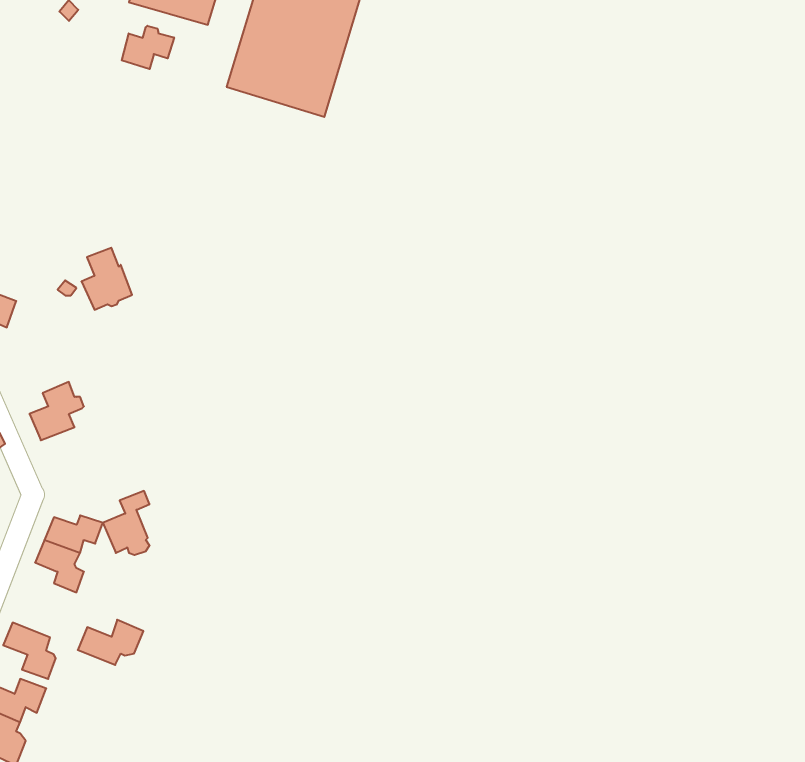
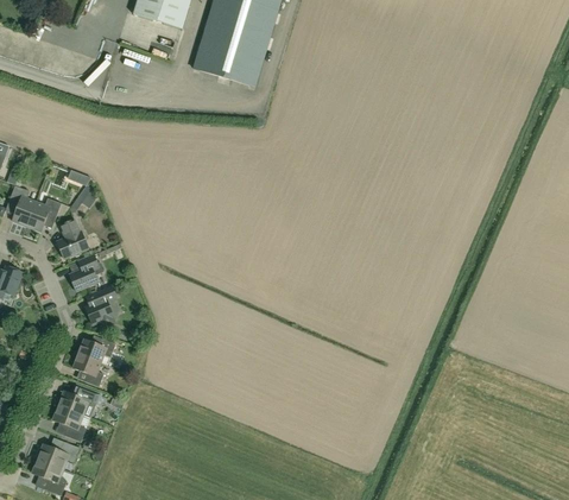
building: [122,26,174,69] -> none
building: [81,248,132,310] -> [56,219,88,258]
building: [103,491,150,555] -> [84,285,114,325]
building: [78,620,143,665] -> [58,386,100,414]

